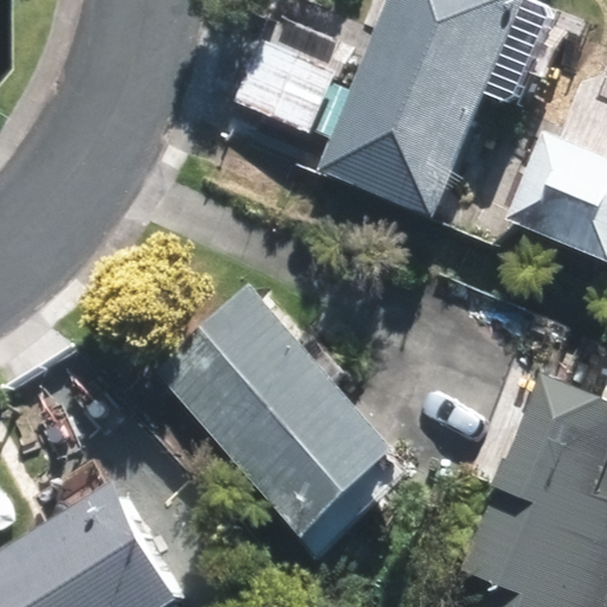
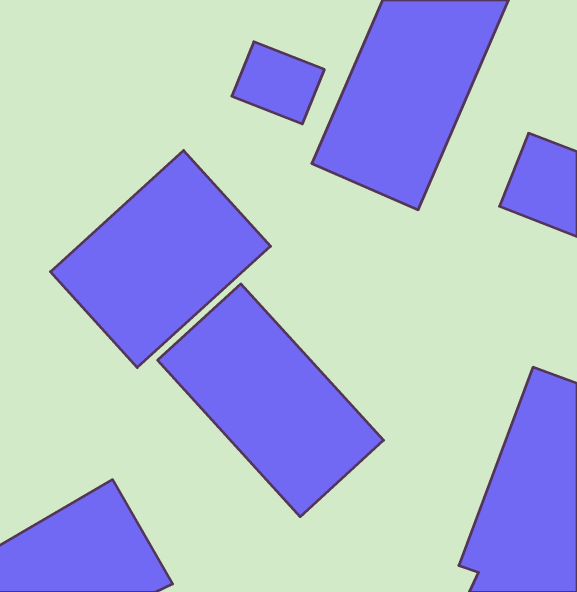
building: none -> [50,150,271,368]

